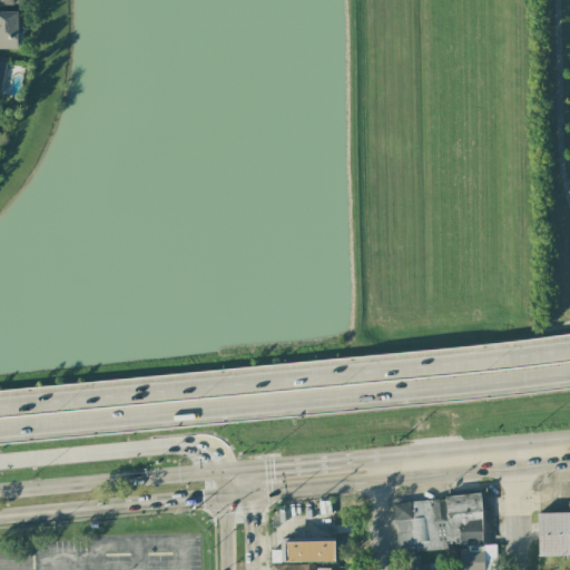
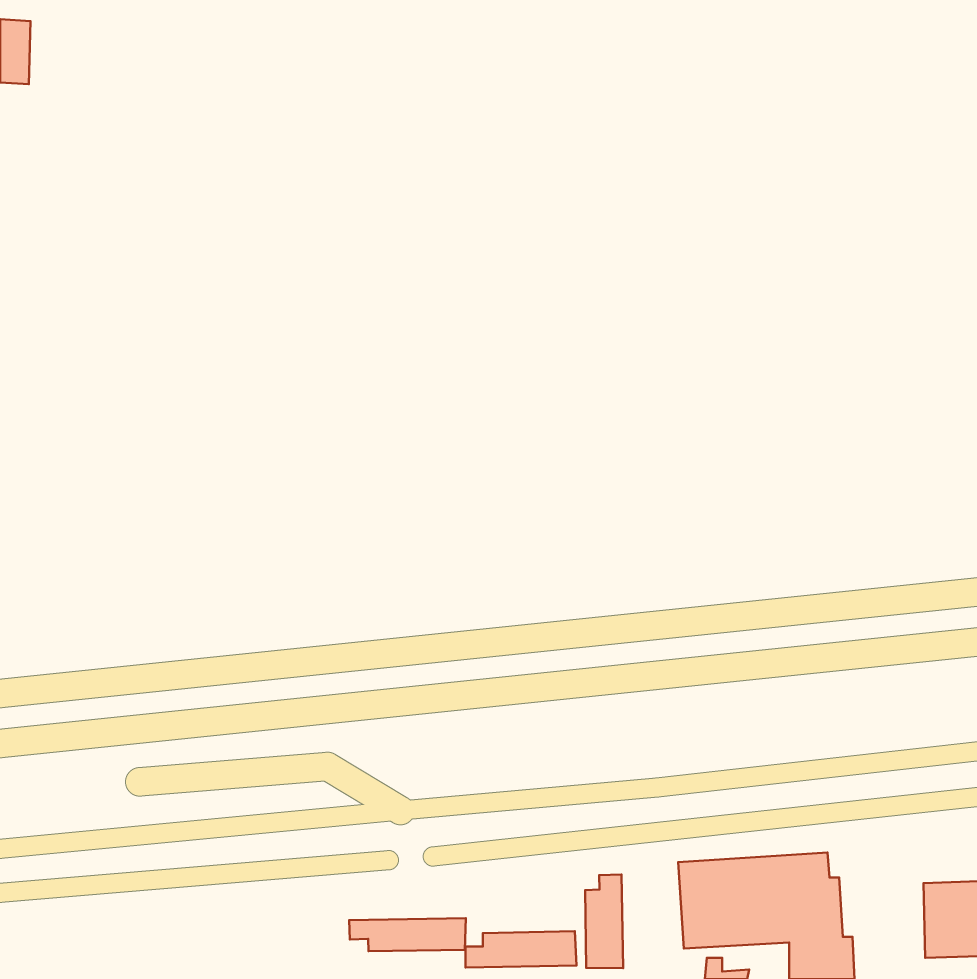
building: none -> [585,874,623,968]
building: none -> [349,918,466,951]

